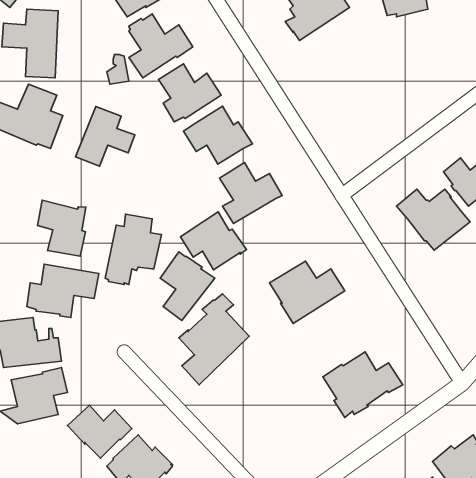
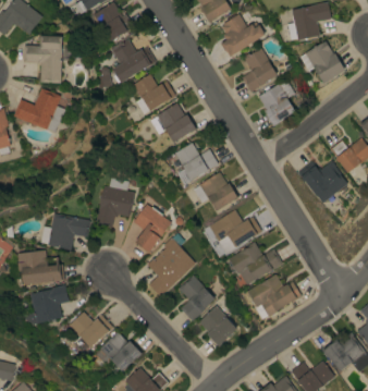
building: none -> [299,40,345,83]
building: none -> [241,47,277,91]
building: none -> [258,78,294,125]
building: [76,106,135,166] -> none
building: [37,200,86,256] -> none
building: [181,212,246,270] -> [193,171,238,211]
building: none -> [228,242,282,284]
building: none -> [177,274,214,320]
building: none -> [197,305,236,346]

